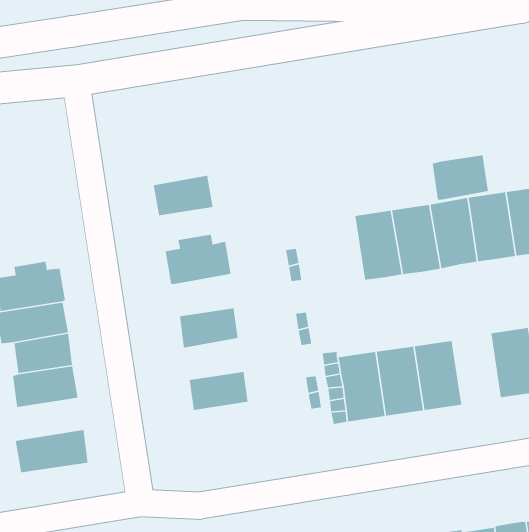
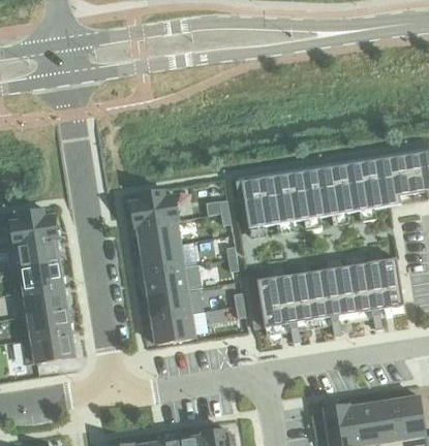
building: [432,154,489,201] -> none
building: [153,175,214,216] -> [136,219,181,249]
building: none -> [241,176,276,227]
building: none -> [340,261,375,314]
building: none -> [144,263,202,295]
building: none -> [22,309,71,339]
building: none -> [151,311,207,343]

